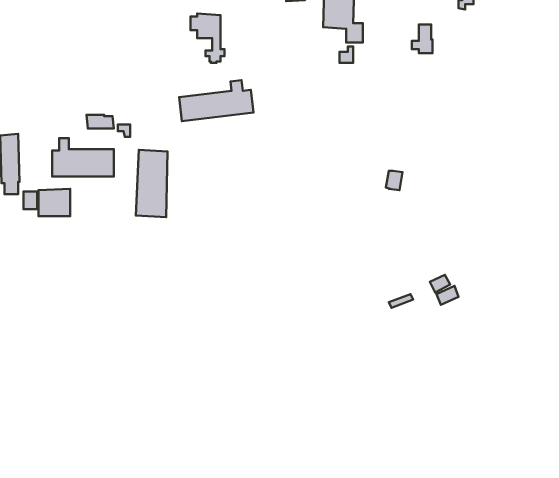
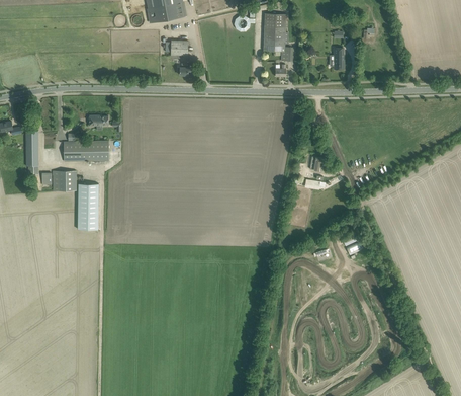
building: [179,80,254,121] -> none
building: [136,150,167,217] -> [77,180,100,230]

